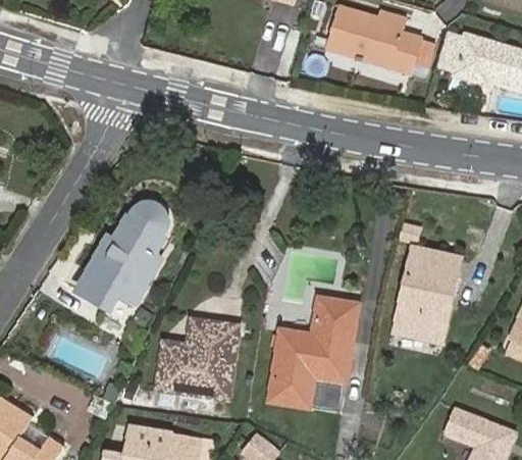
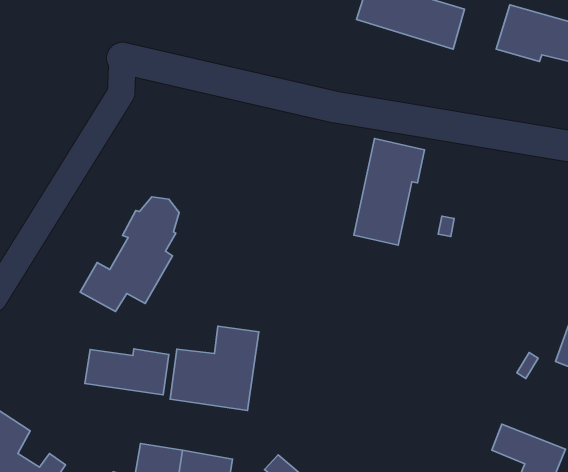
building: [395,246,458,342] -> [354,139,424,245]
building: [269,298,358,410] -> none
building: none -> [85,349,169,395]

